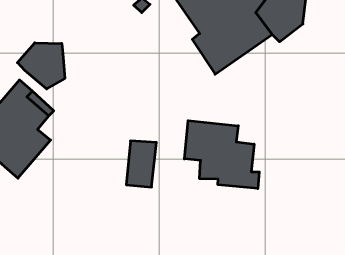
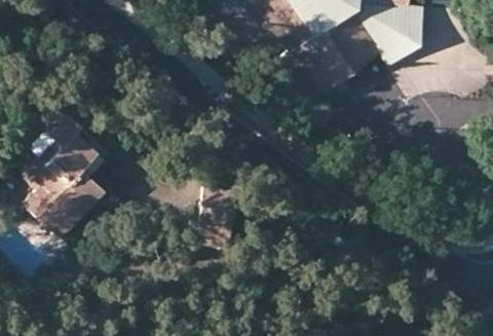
building: [17,43,65,89] -> none
building: [184,121,259,189] -> none

